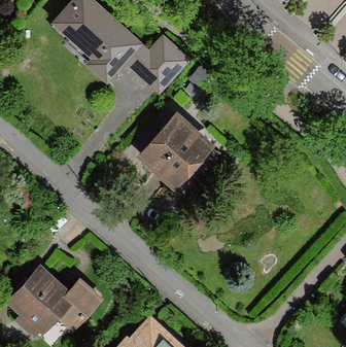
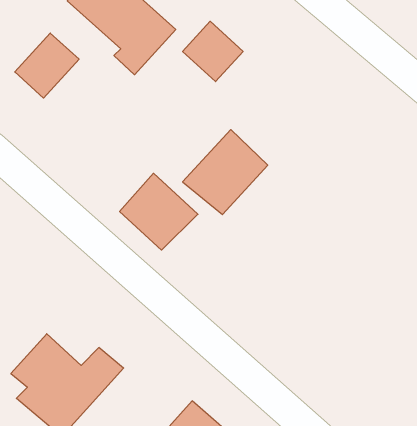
building: none -> [15,33,79,98]
building: none -> [120,173,198,250]

